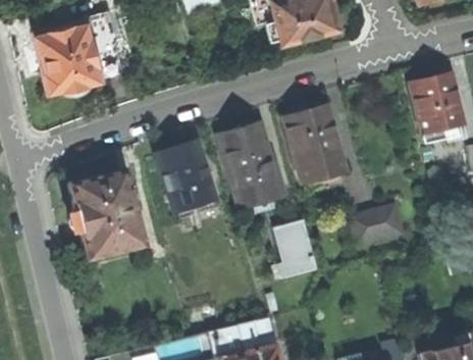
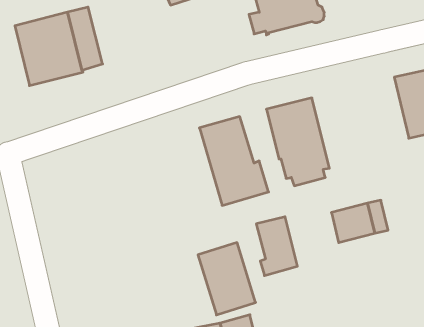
building: [157,141,214,212] -> [198,243,256,315]
building: [69,171,143,260] -> none

